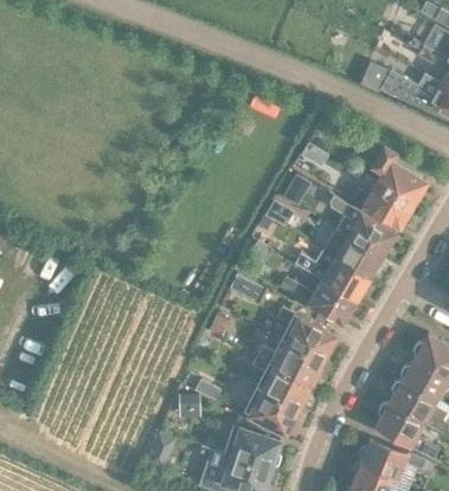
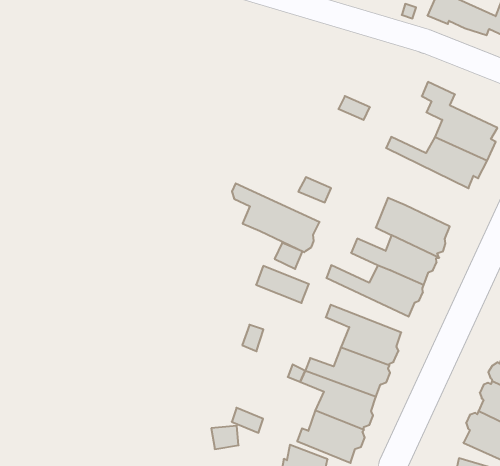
building: [328,196,395,256] -> [232,183,320,252]

